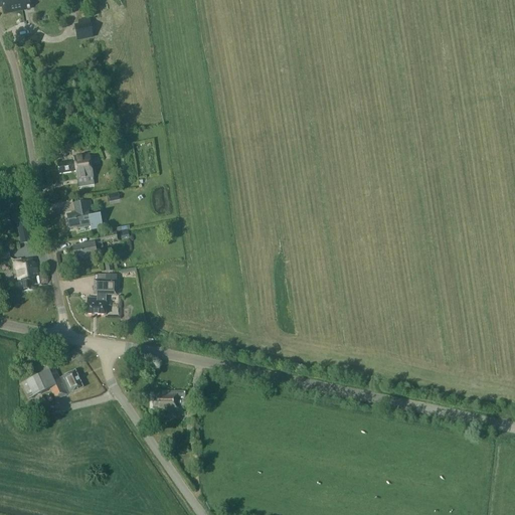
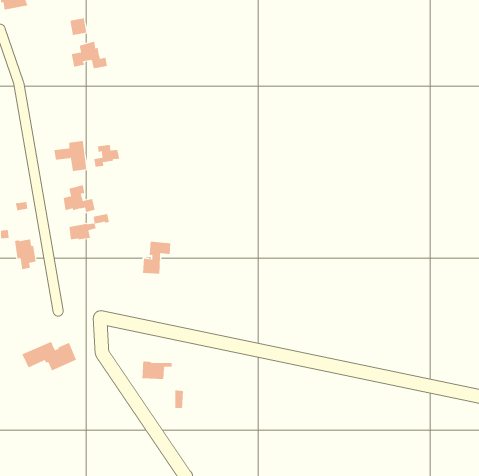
building: none -> [71,41,107,69]
building: none -> [94,144,120,167]
building: [87,278,118,313] -> [142,241,171,274]

